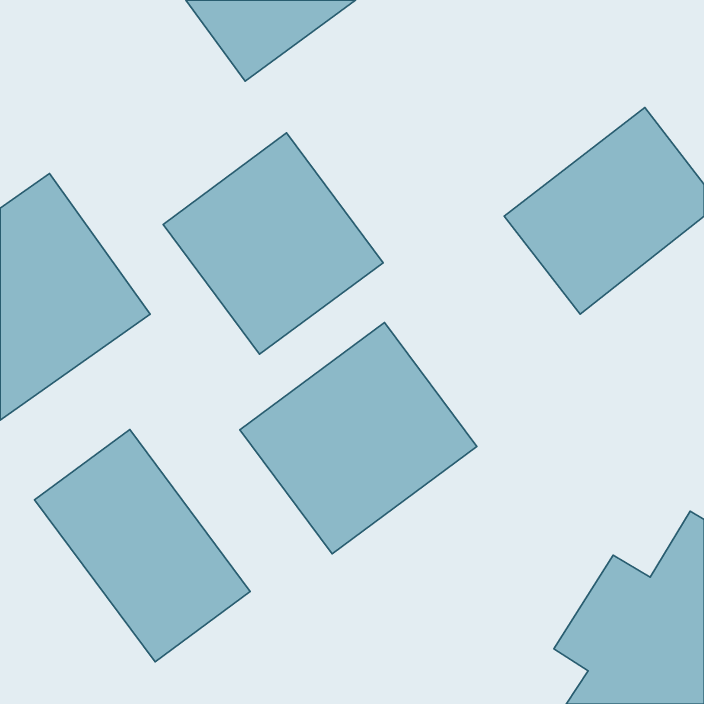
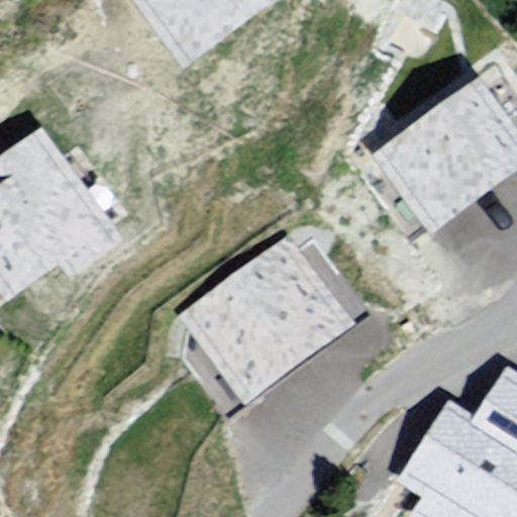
building: [163,133,383,354] -> none
building: [35,429,250,662] -> none

